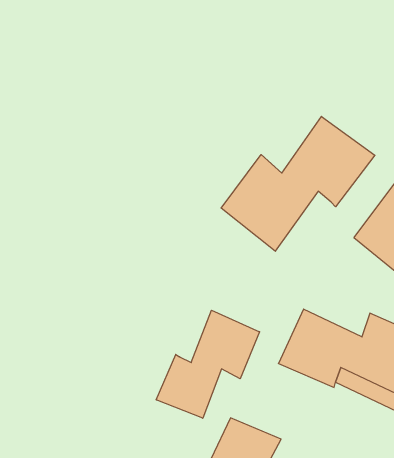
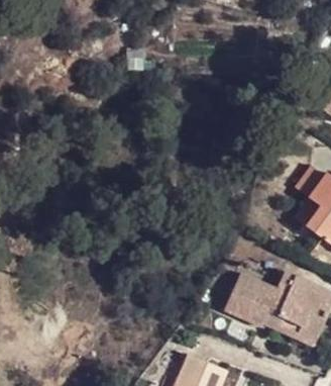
building: [221,116,375,251] -> none
building: [156,310,260,418] -> none

